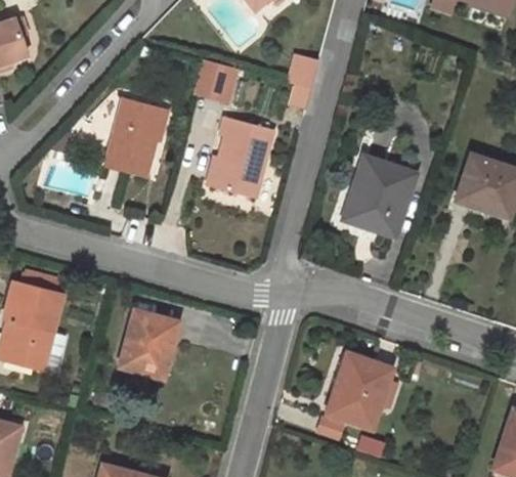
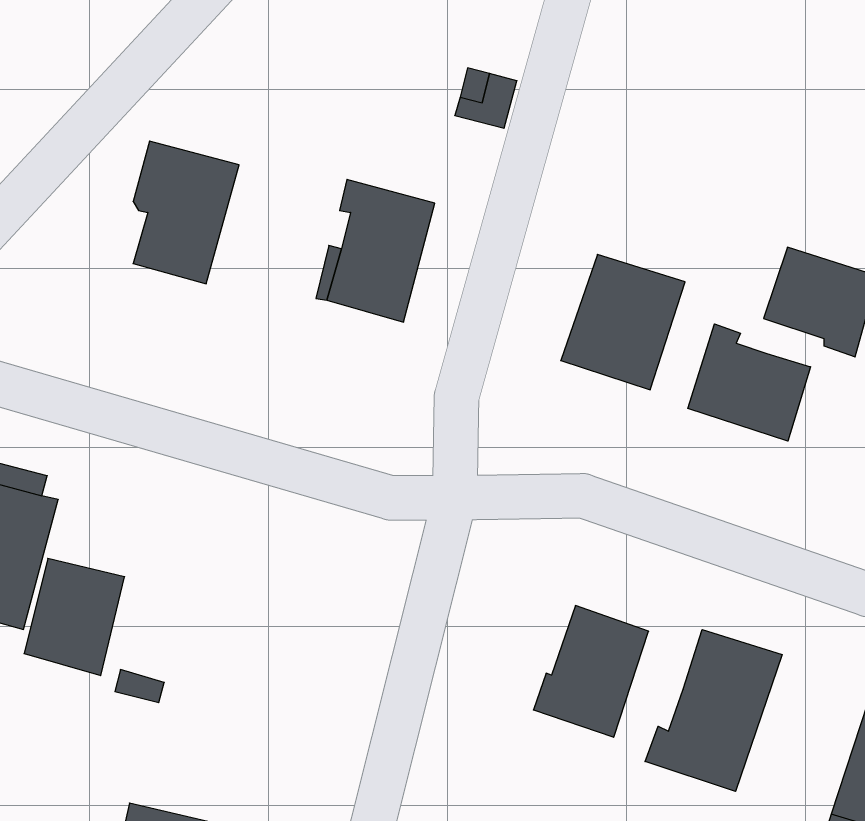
building: [188,57,239,106] -> none
building: none -> [688,324,811,441]
building: [121,311,177,377] -> [24,558,125,676]
building: none -> [645,630,782,791]

